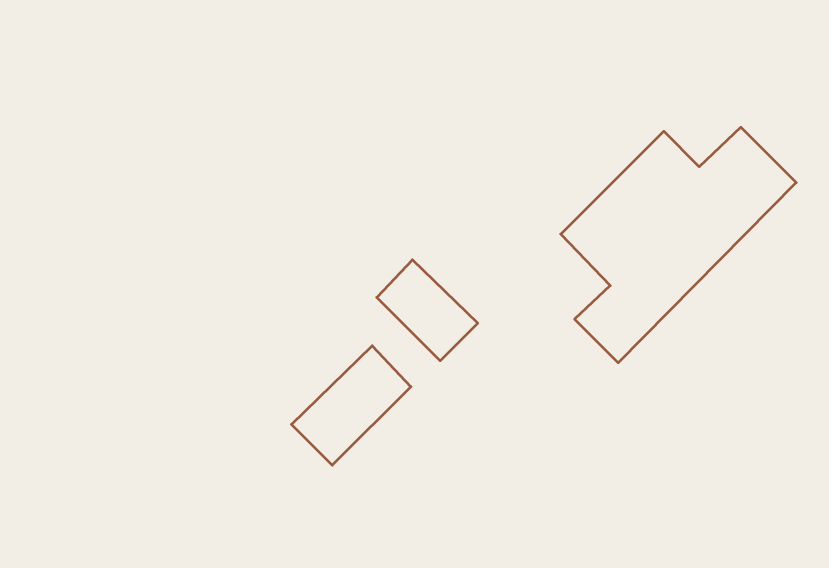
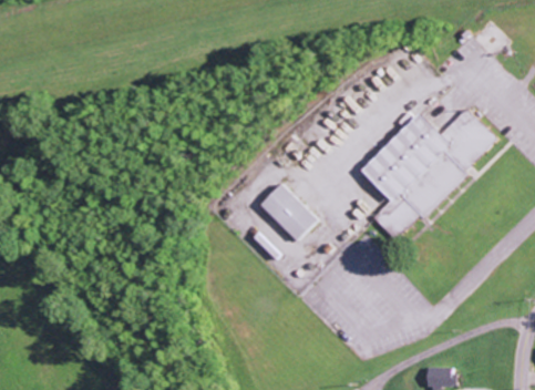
building: [291,346,411,465] -> none

